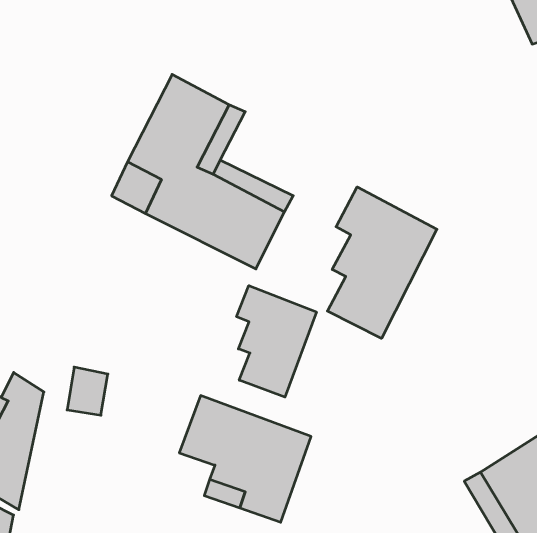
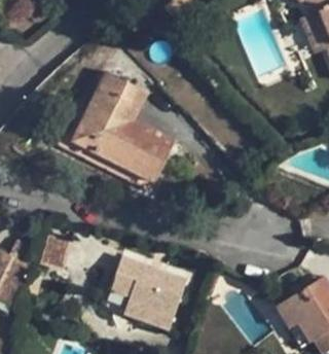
building: [327,187,437,338] -> none
building: [237,286,316,397] -> none

